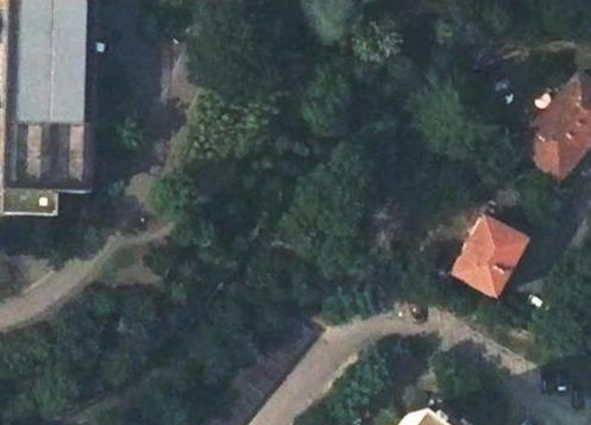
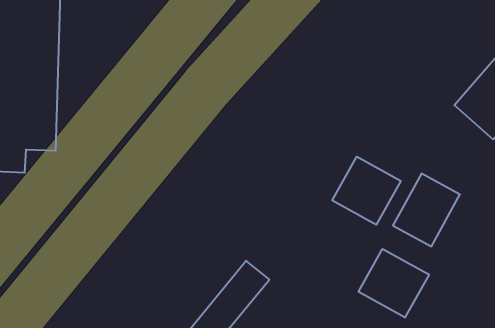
building: none -> [332,157,401,225]
building: none -> [359,249,429,318]

